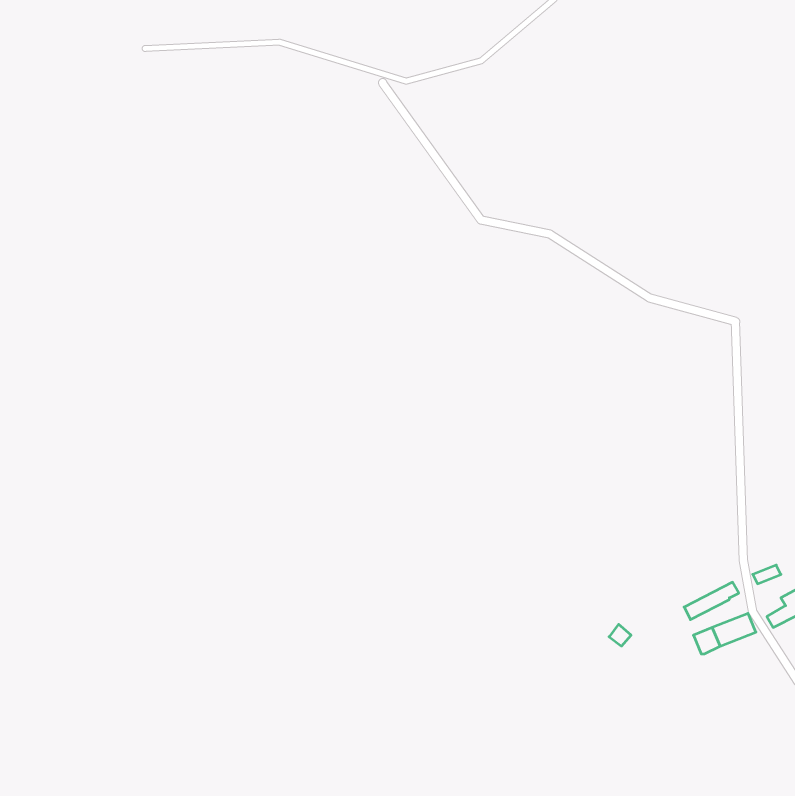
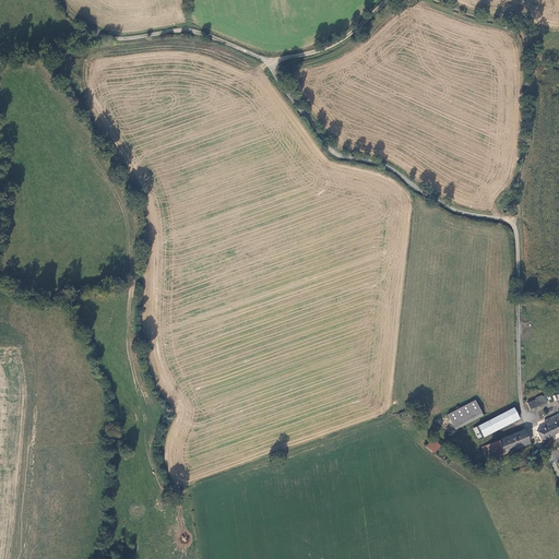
building: none -> [450,400,484,429]

